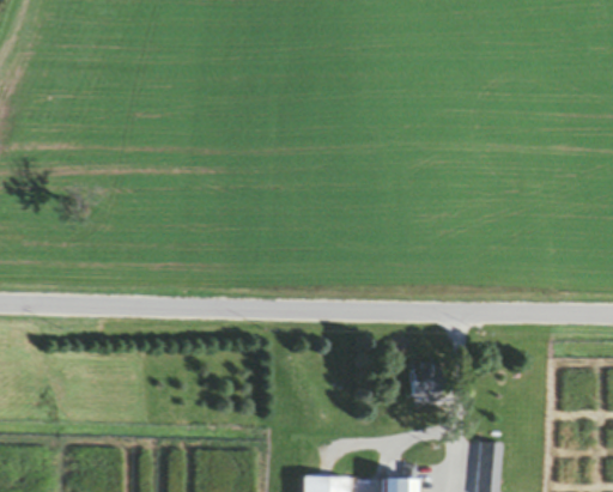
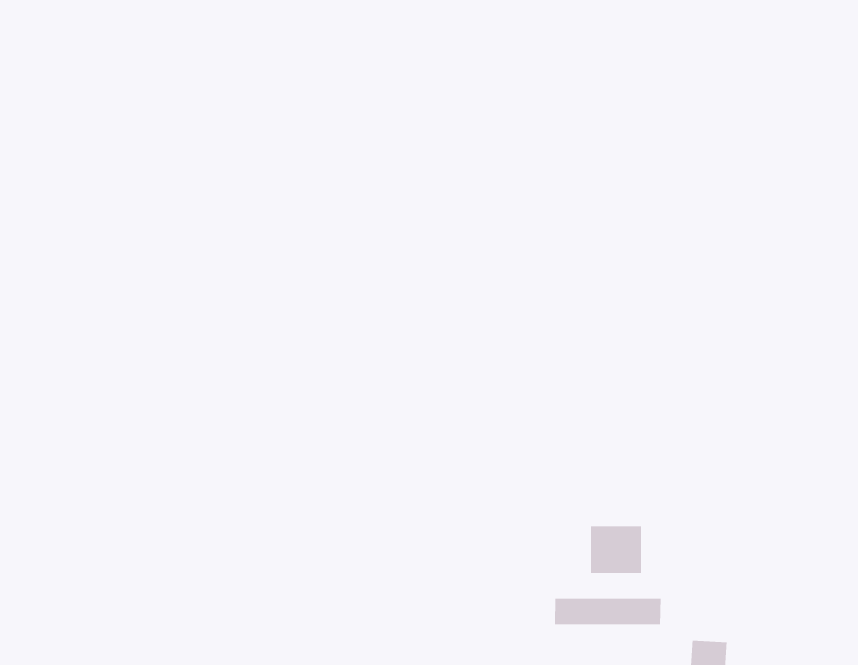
building: none -> [554,598,661,625]

